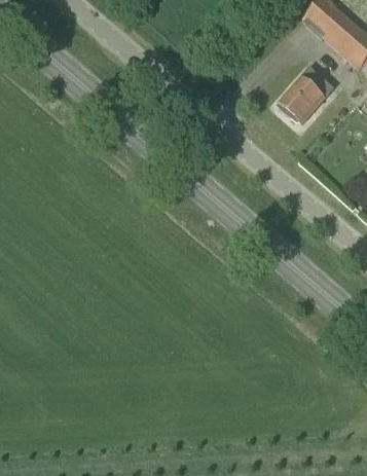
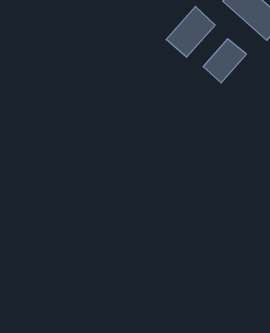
building: none -> [166,6,215,57]

